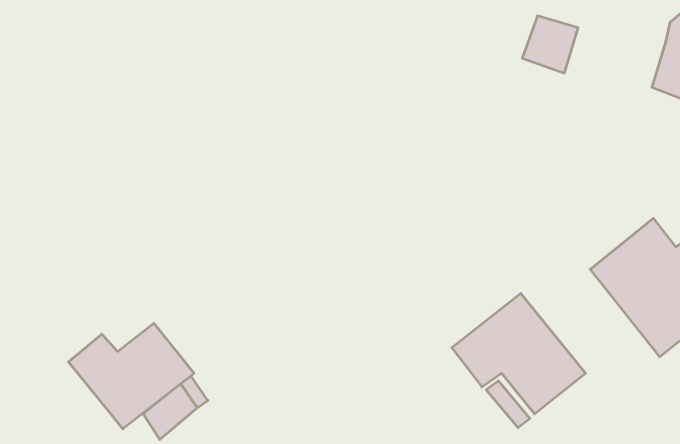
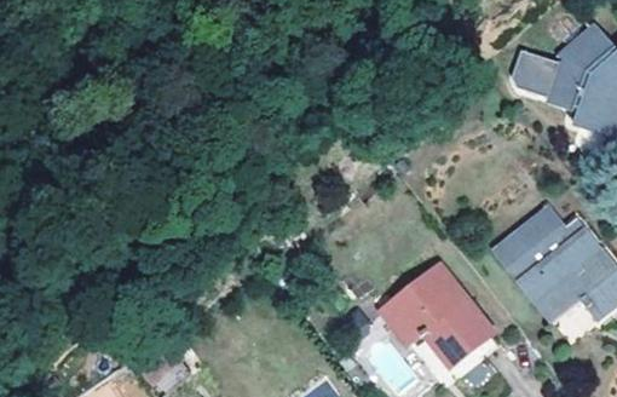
building: [522,16,578,73] -> [512,54,557,100]
building: [68,323,194,429] -> none

